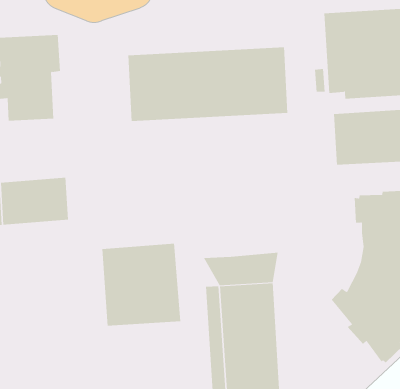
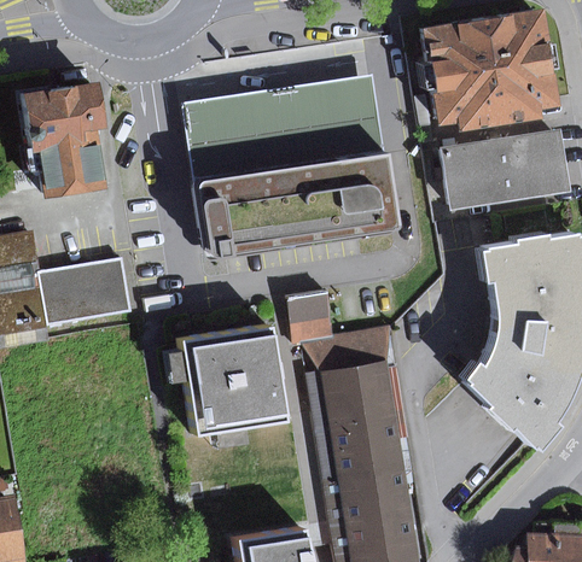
building: none -> [196,154,401,262]
building: none -> [287,294,334,343]

